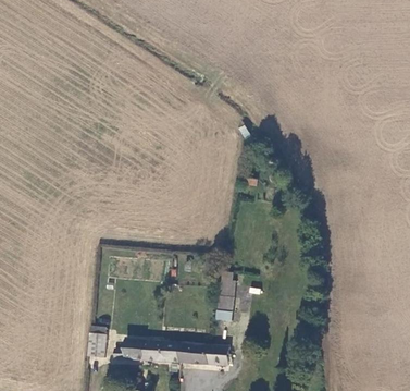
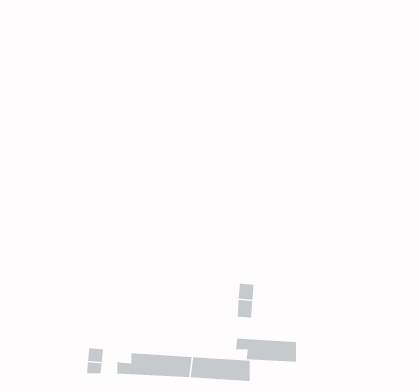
building: none -> [235,338,297,362]

